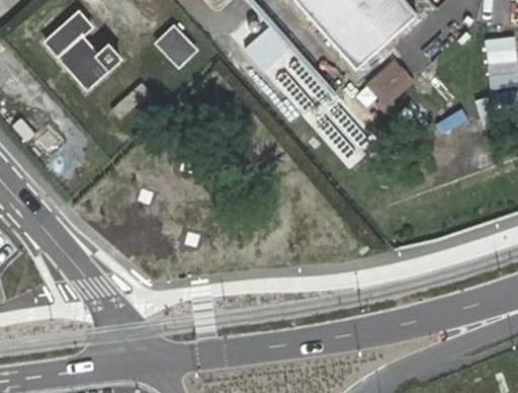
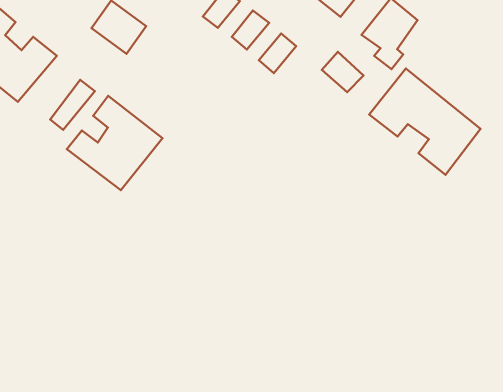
building: none -> [67,96,162,190]
building: none -> [369,69,481,175]

